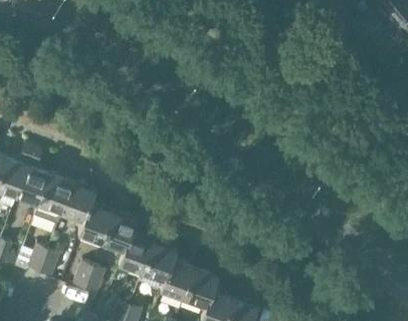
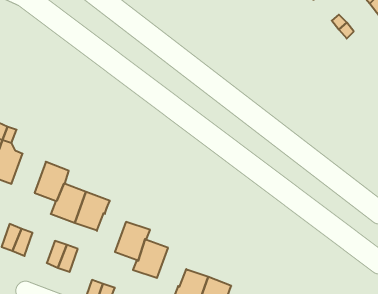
building: [33,175,71,225] -> none
building: [115,234,152,276] -> none
building: [183,269,217,308] -> none

